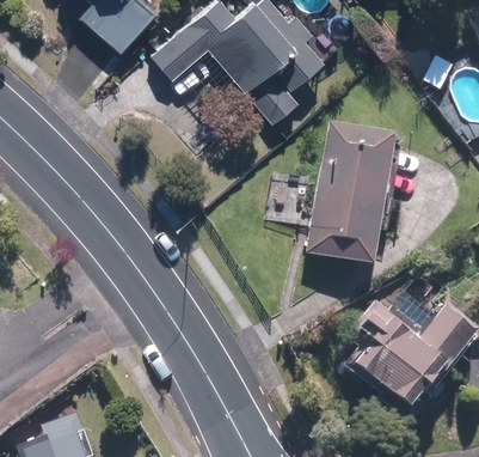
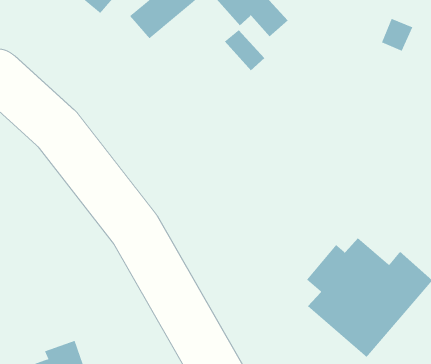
building: [301,132,386,263] -> none

